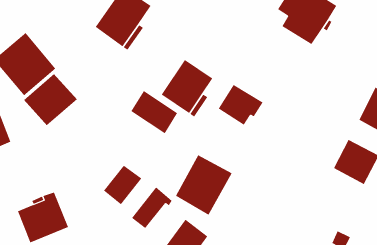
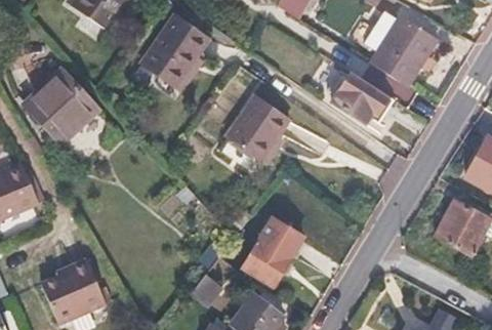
building: [23,73,78,126] -> none
building: [218,84,264,125] -> [330,71,385,121]
building: [131,90,178,134] -> none
building: [103,165,142,205] -> none

